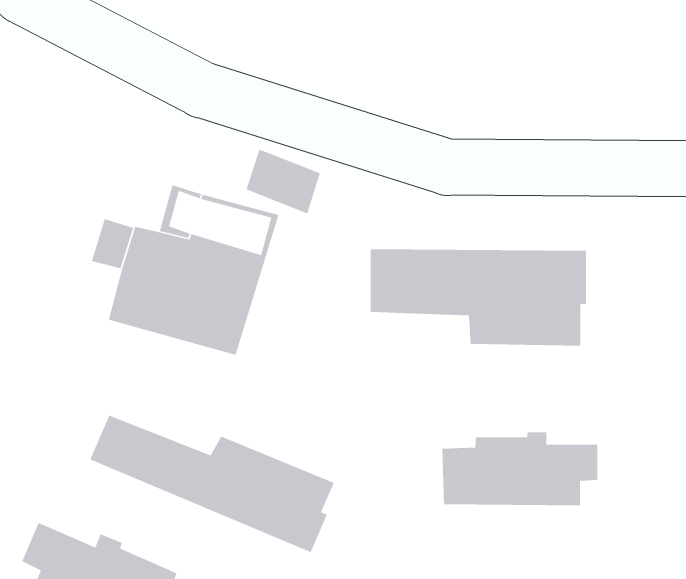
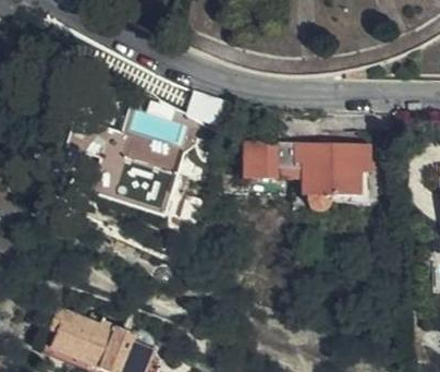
building: [89,415,335,553] -> none
building: [441,431,598,506] -> none

